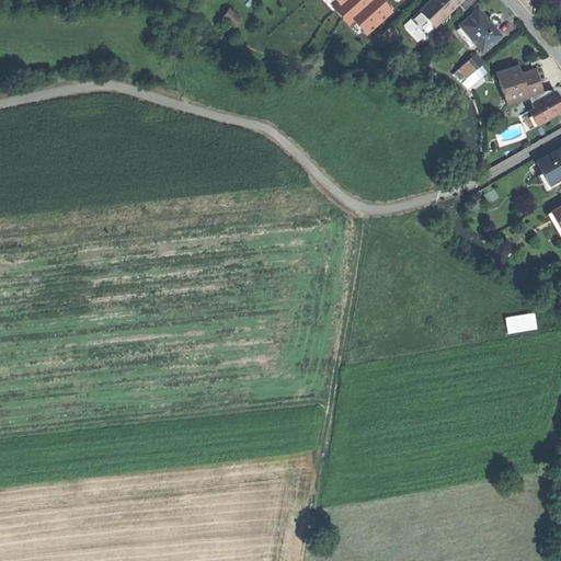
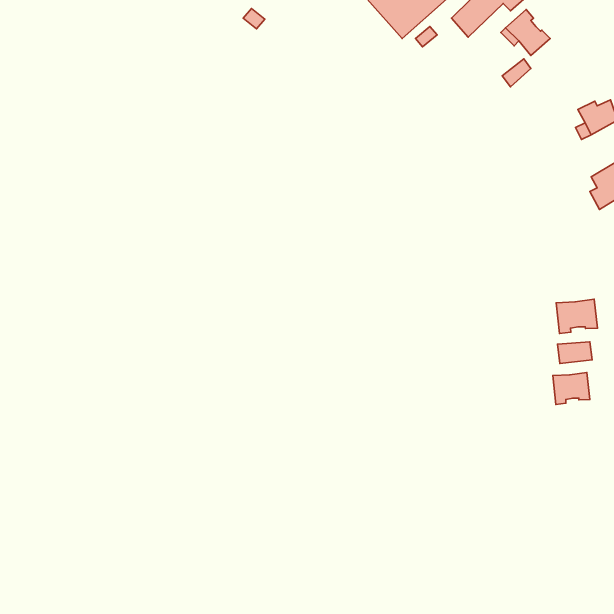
building: [495,66,541,103] -> none
building: none -> [556,299,597,334]
building: none -> [553,372,590,404]

